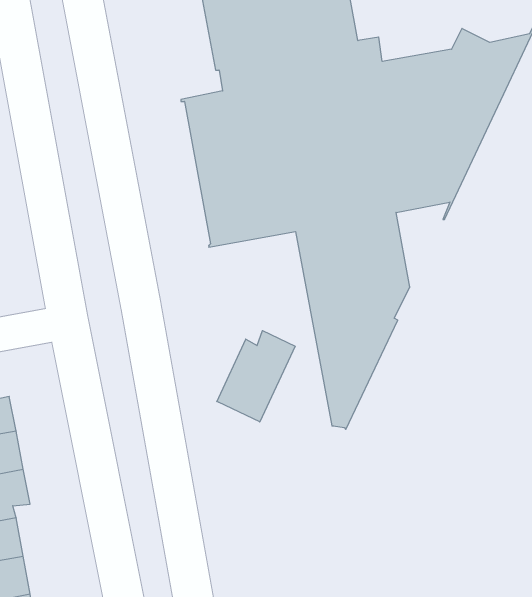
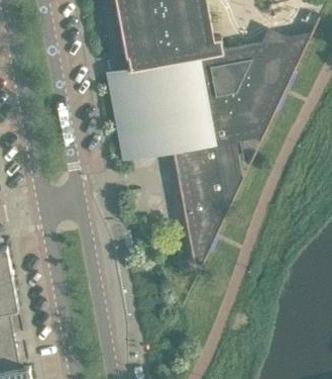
building: [217,331,295,422] -> none

